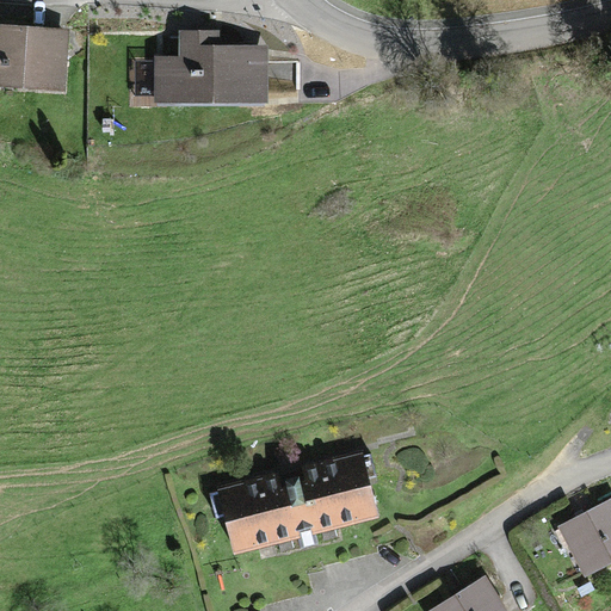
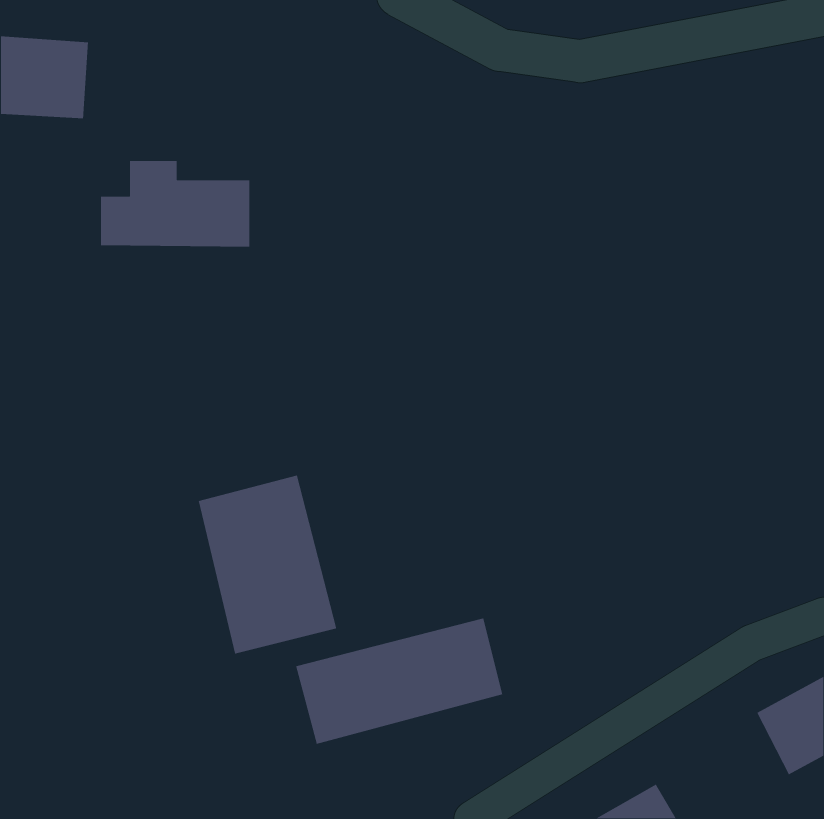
building: [155,35,266,99] -> [100,160,250,247]
building: none -> [198,474,337,654]

